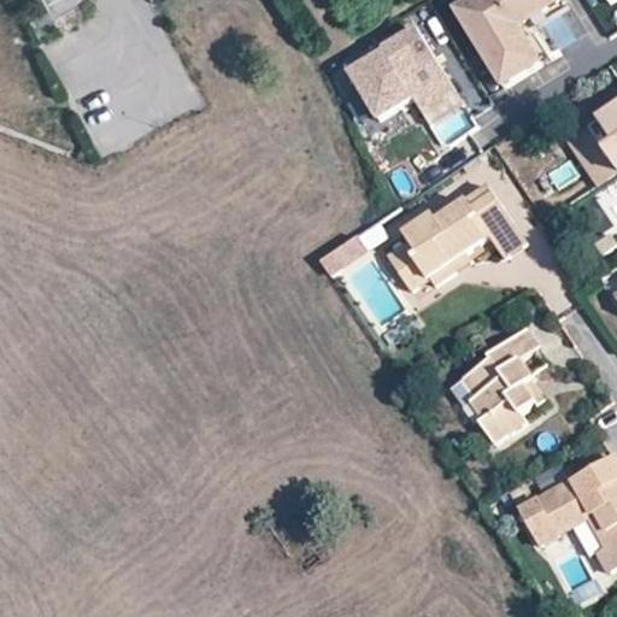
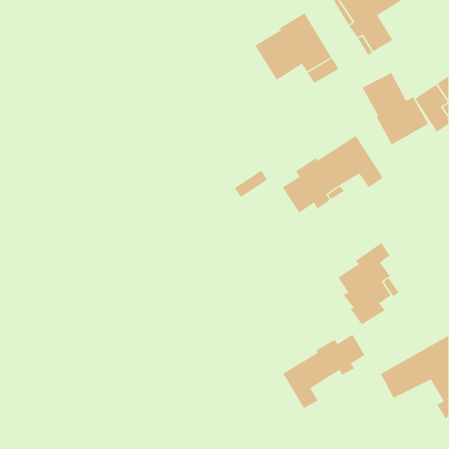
building: none -> [362,72,429,145]
building: none -> [283,334,365,409]

